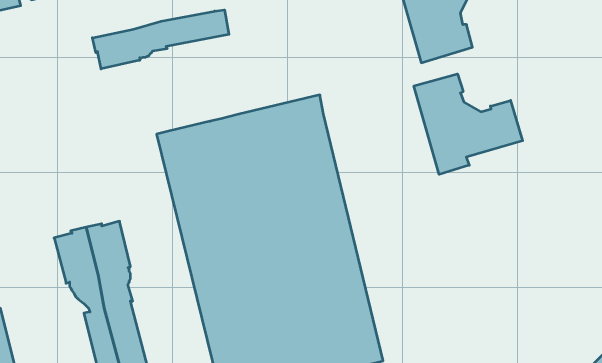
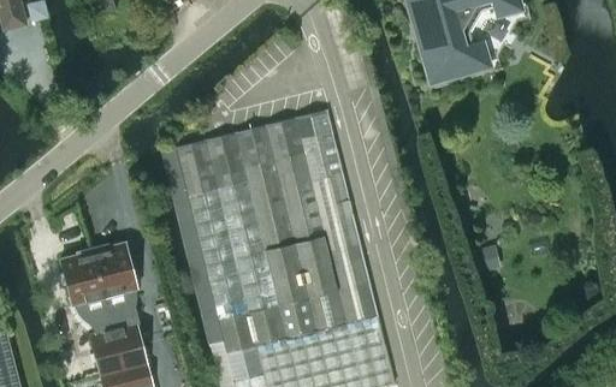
building: [92,10,229,69] -> none
building: [414,74,523,174] -> none

